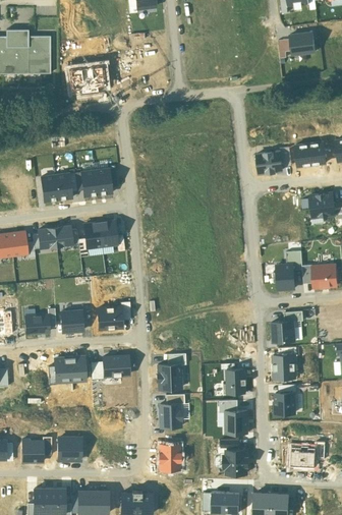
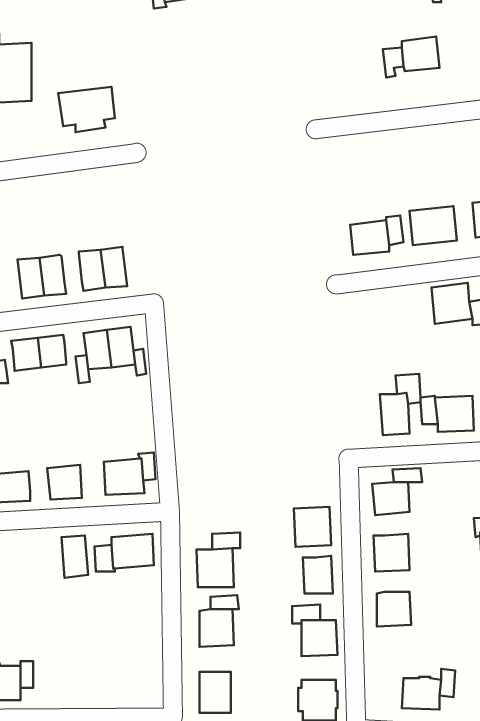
building: none -> [294,507,331,547]
building: [54,356,71,384] -> none
building: [58,437,81,460] -> none

